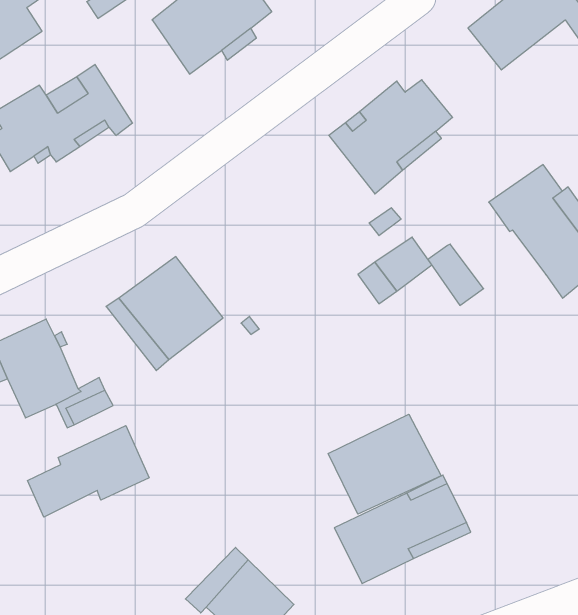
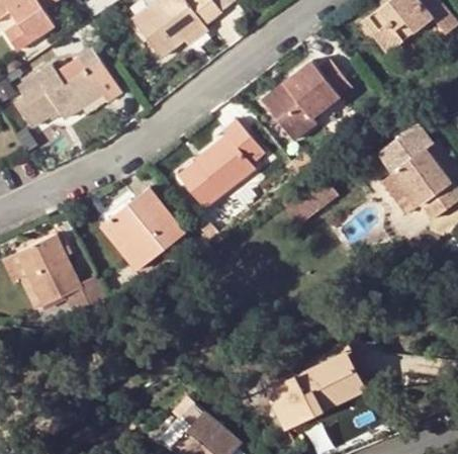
building: none -> [179,120,264,208]
building: [428,244,484,305] -> [379,170,420,214]
building: [328,414,441,514] -> none
building: [27,426,149,517] -> none

